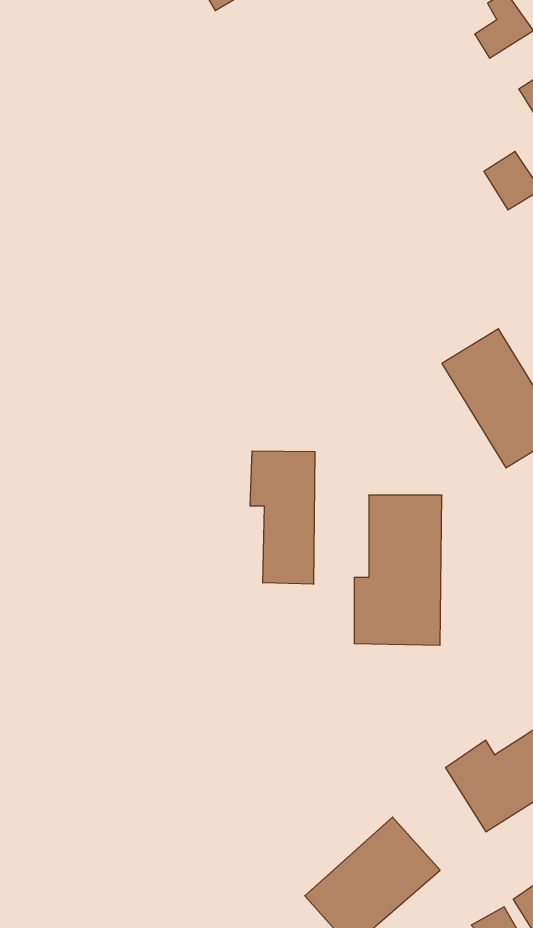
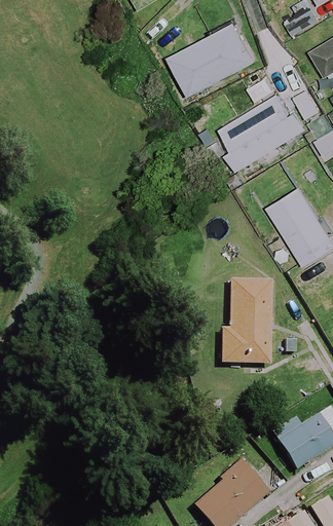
building: none -> [172,23,256,93]
building: none -> [221,91,304,171]
building: [250,451,315,584] -> none

